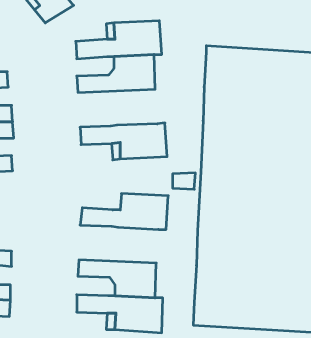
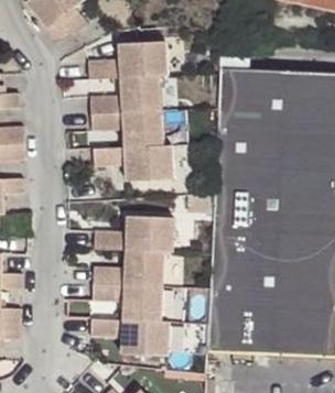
building: none -> [89,110,170,146]
building: none -> [90,250,171,286]

